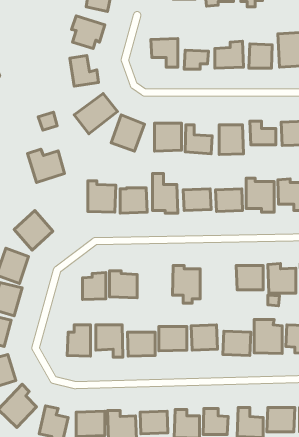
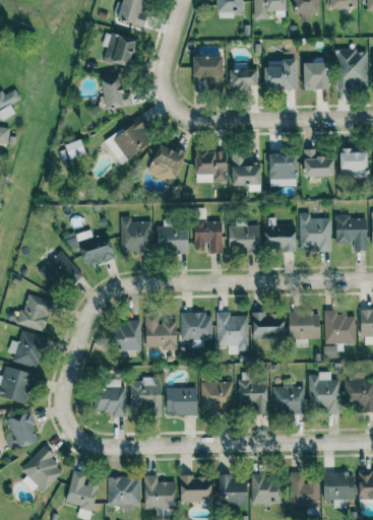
building: [27,149,64,182] -> [75,230,117,267]
building: none -> [181,313,212,340]
building: none -> [252,314,284,338]

